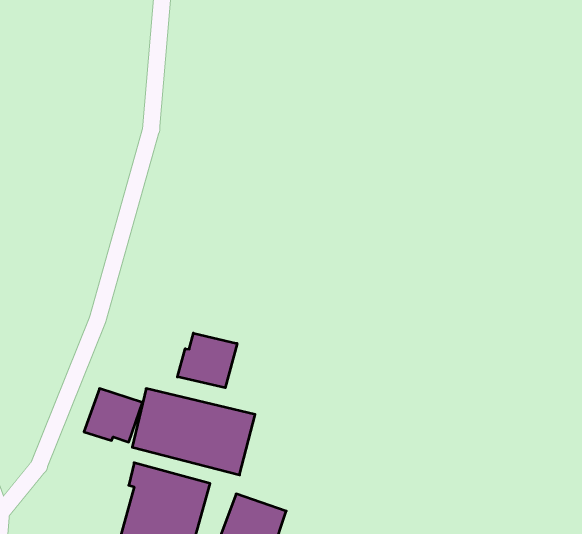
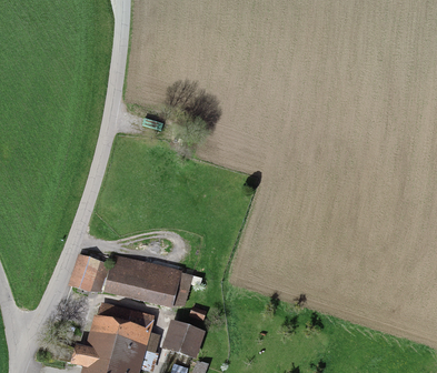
building: [177,333,237,388] -> none

